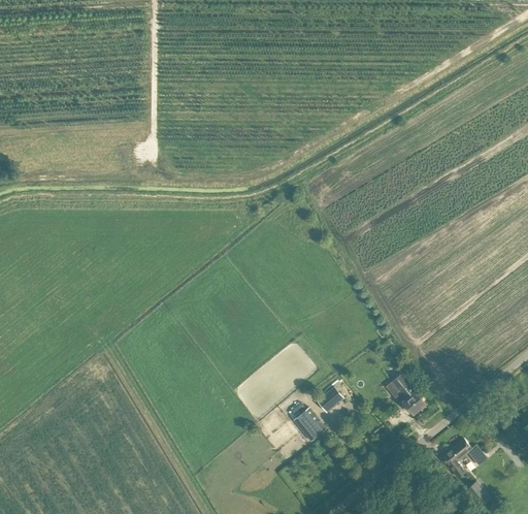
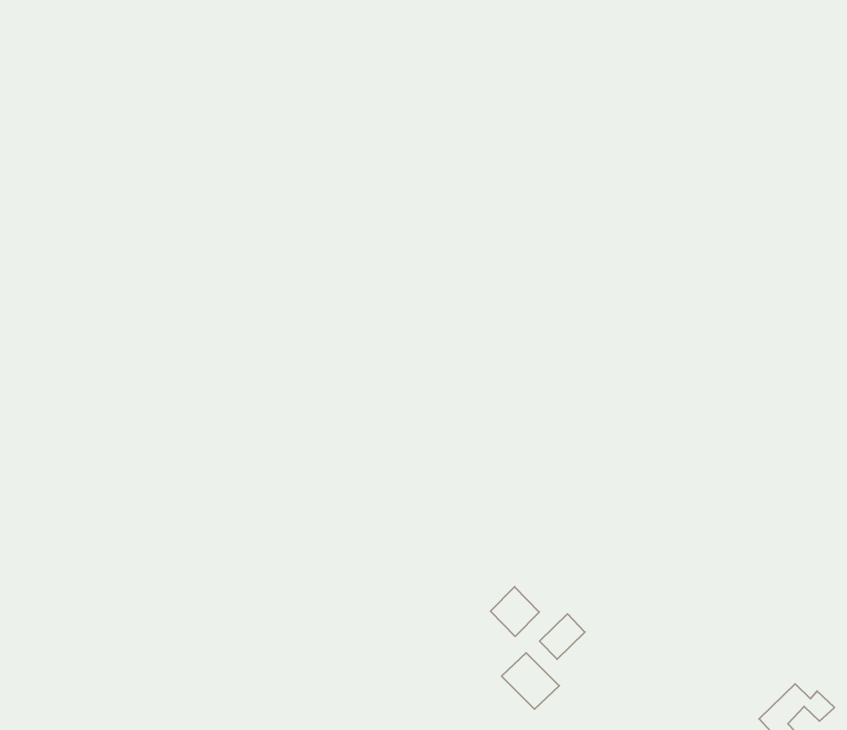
building: none -> [491,587,539,636]
building: [393,375,427,415] -> none

